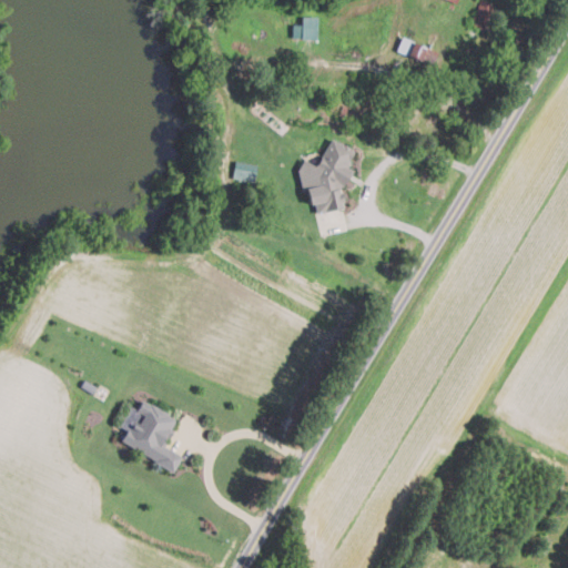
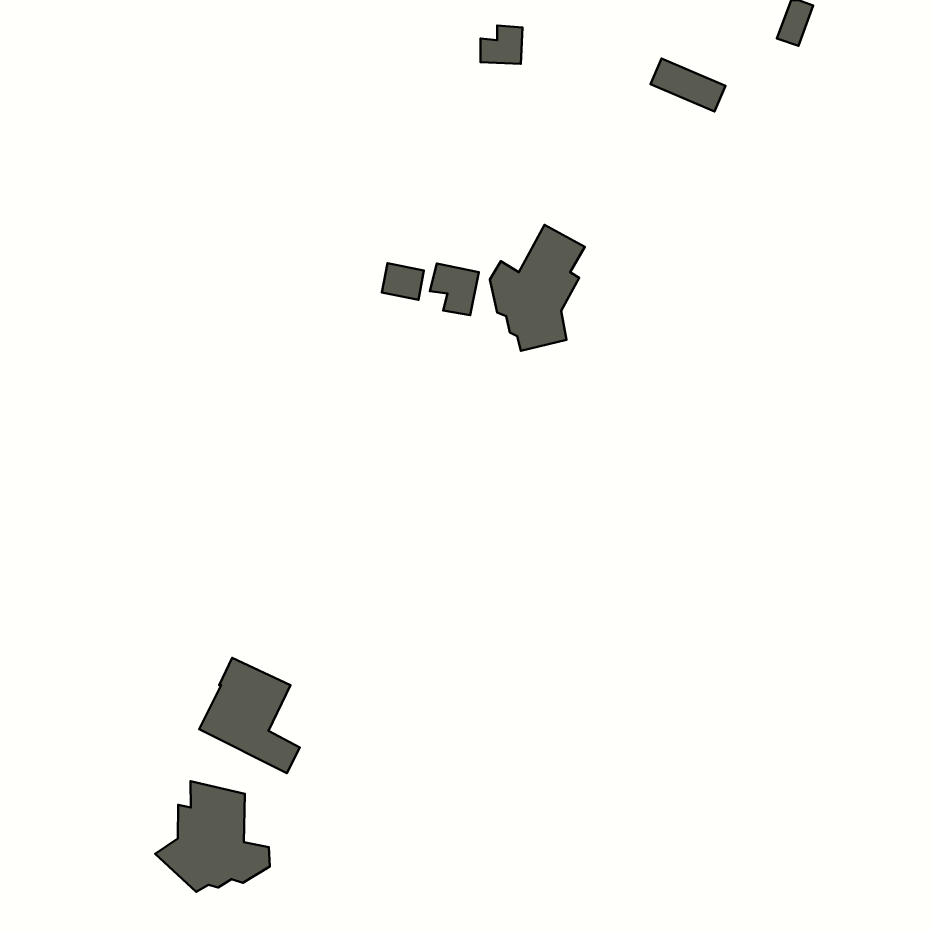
building: none -> [430,263,479,315]
building: none -> [155,781,270,892]

